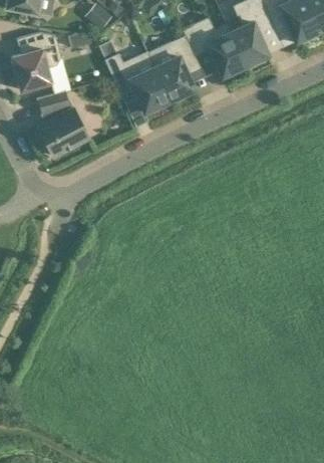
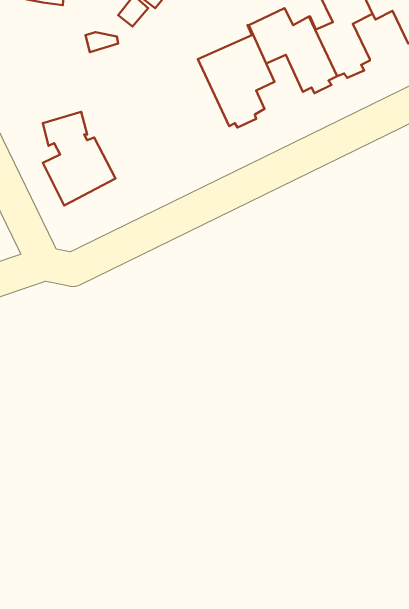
building: [12,33,62,90] -> none
building: [99,40,170,112] -> none

